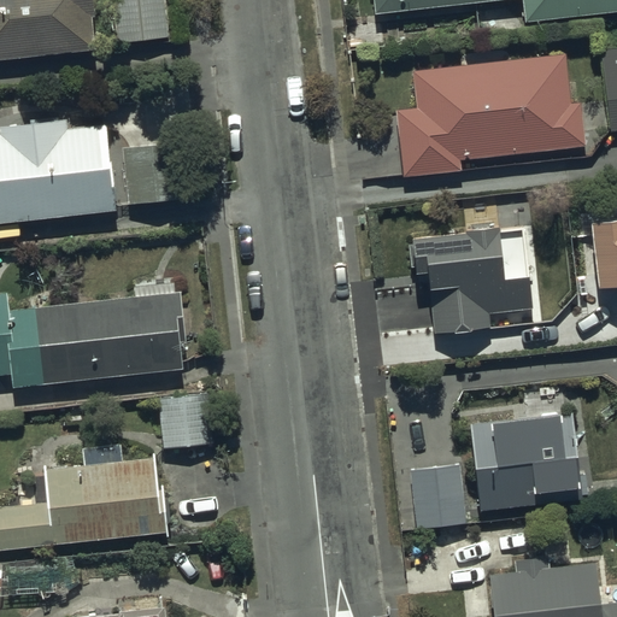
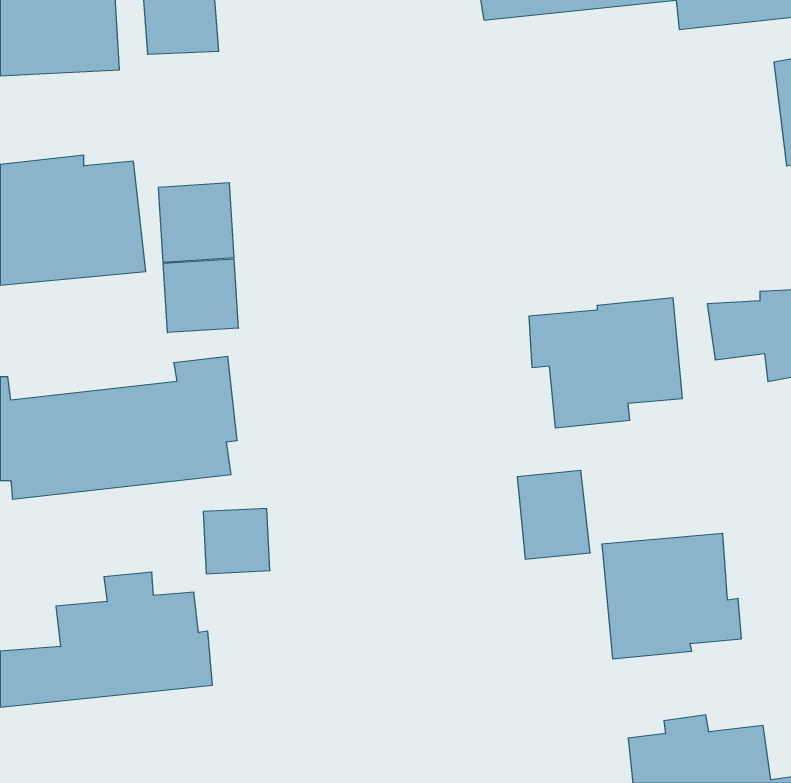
building: [398,52,584,177] -> none
building: none -> [163,259,238,333]
building: [410,458,466,527] -> [517,471,590,559]

